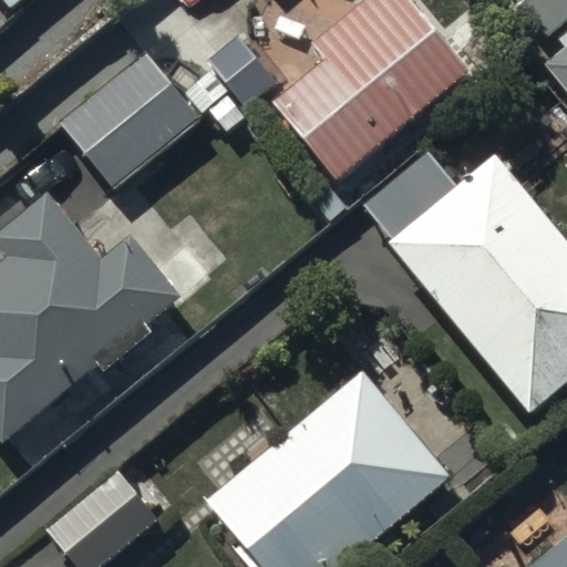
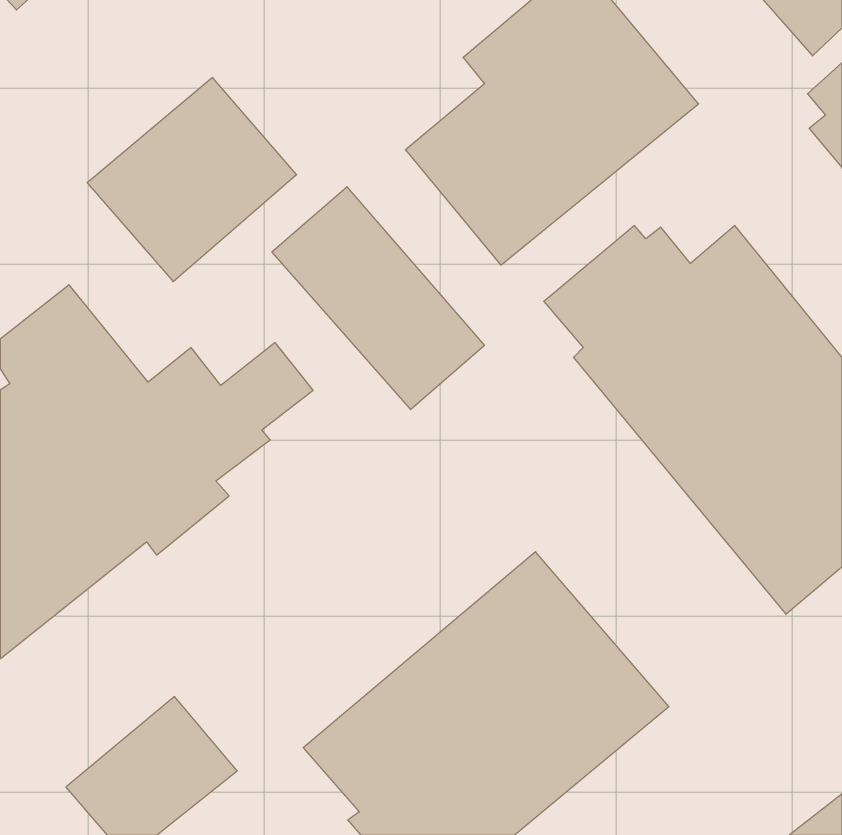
building: none -> [272,187,484,410]

